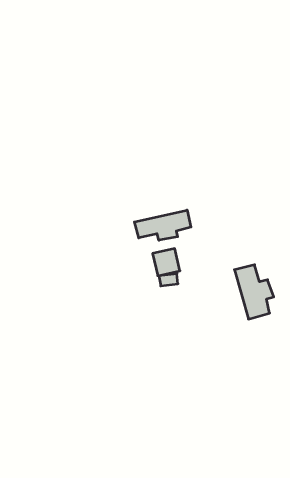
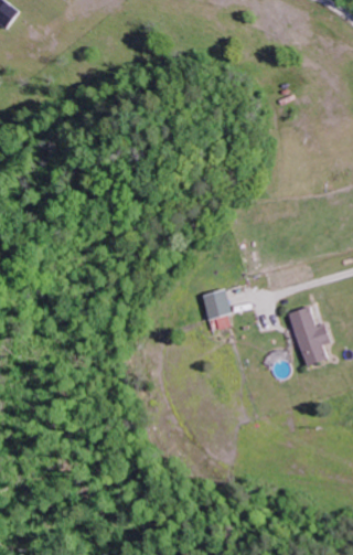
building: [134,210,191,240] -> none

